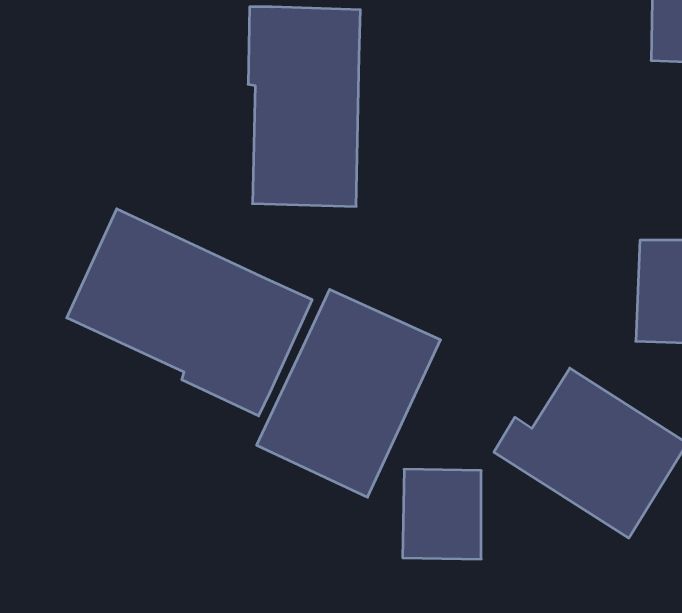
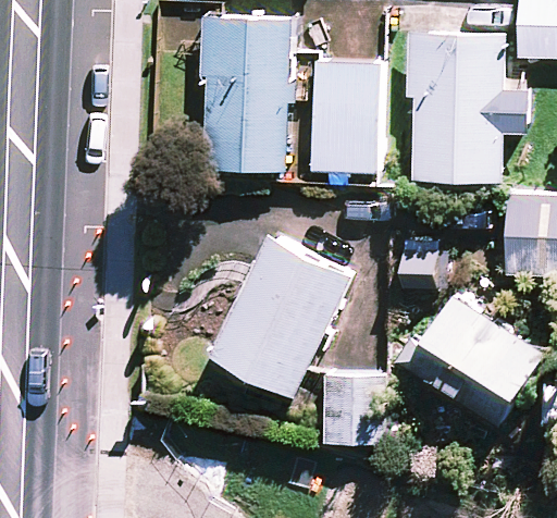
building: none -> [407,30,508,183]
building: none -> [310,61,380,175]
building: [67,209,312,416] -> none

